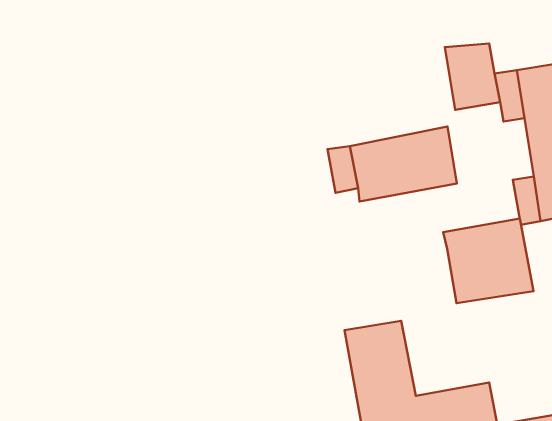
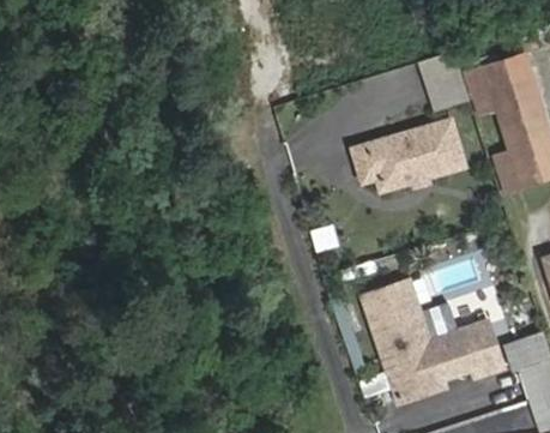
building: [443,218,534,303] -> none

